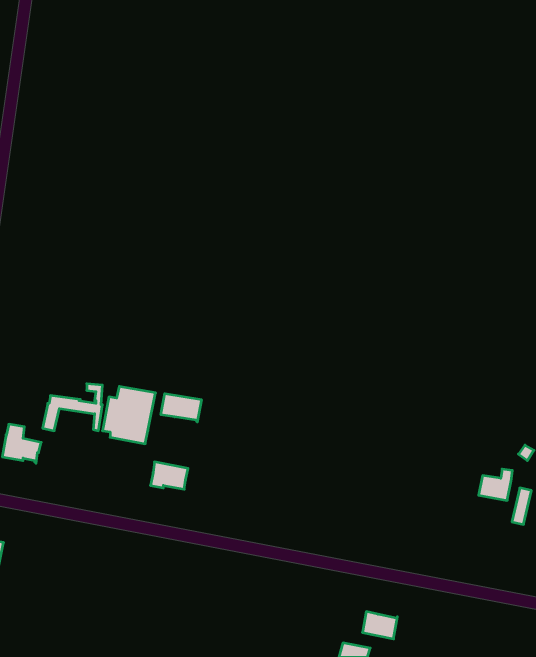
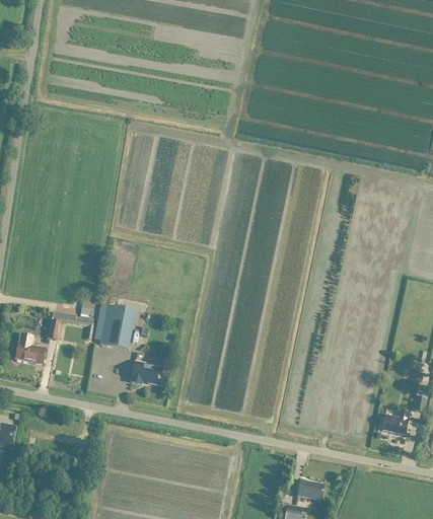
building: [161,394,201,422] -> none
building: [479,469,512,500] -> [381,410,408,434]

